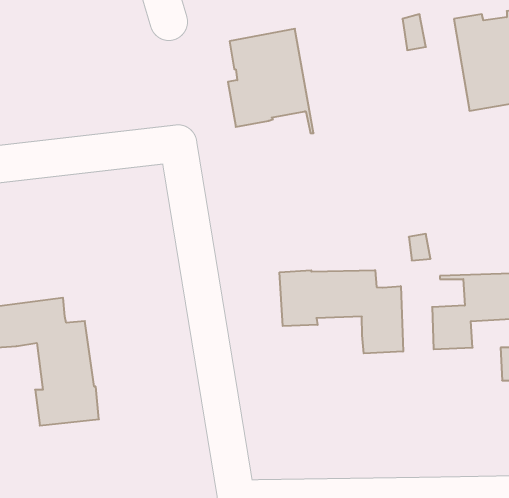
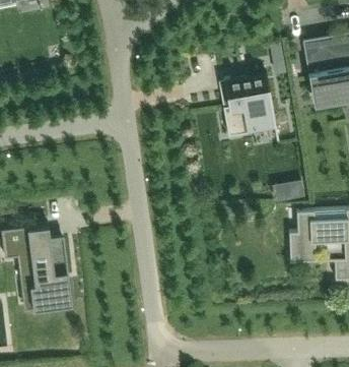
building: [228,29,314,133] -> [222,73,278,141]
building: [280,270,403,353] -> none

